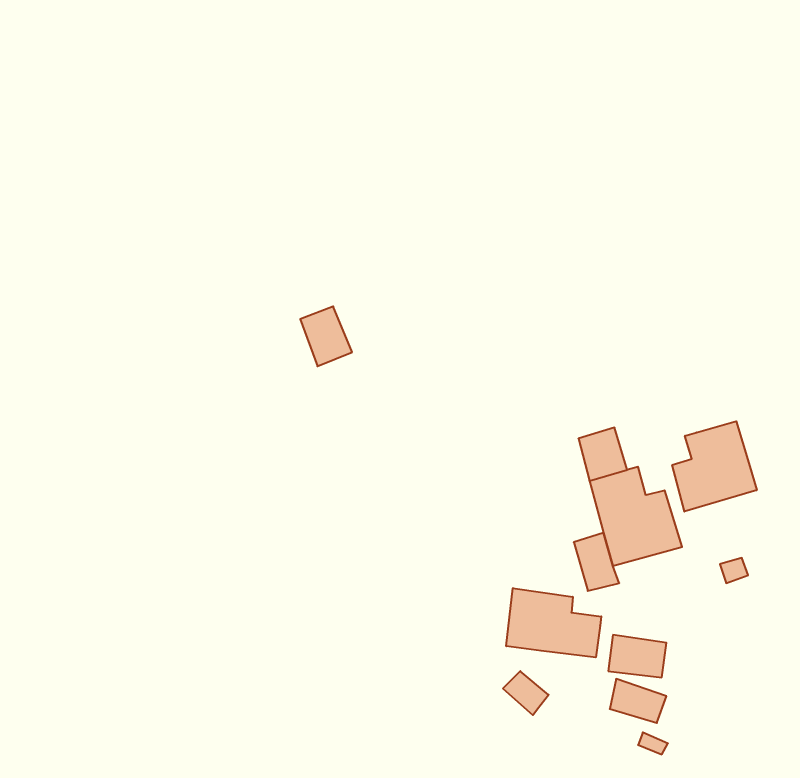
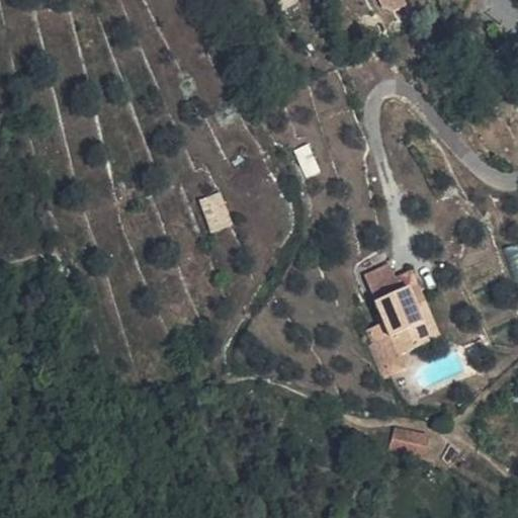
building: [672,421,757,512] -> none
building: [506,588,601,657] -> none

